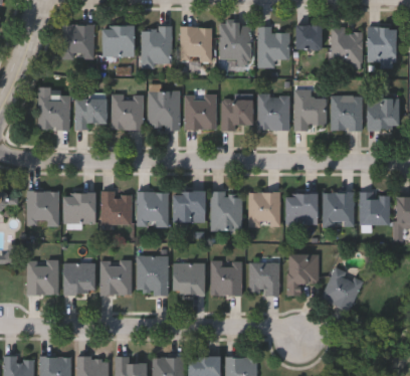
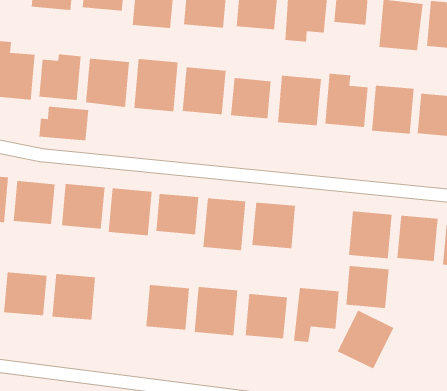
building: none -> [39,106,89,141]
building: [285,195,317,225] -> [345,266,389,308]
building: [138,256,168,295] -> none

